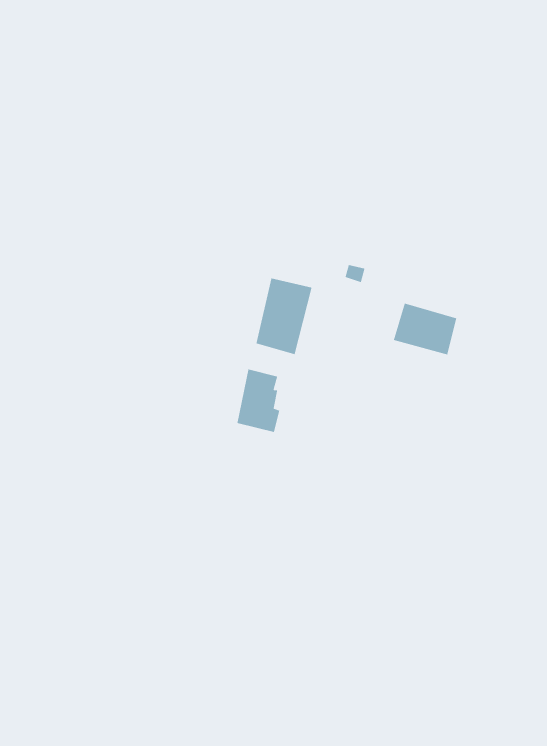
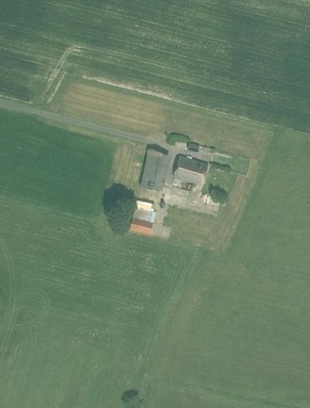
building: [393,303,457,356] -> [173,156,208,185]

